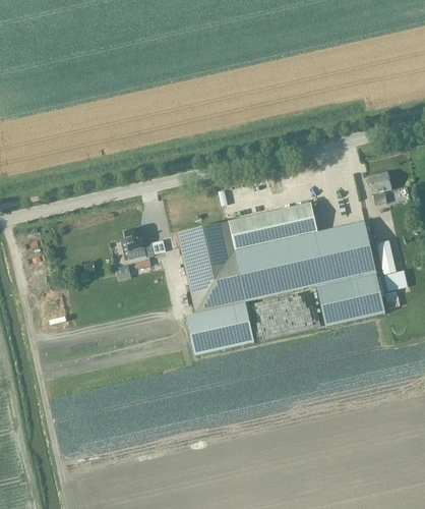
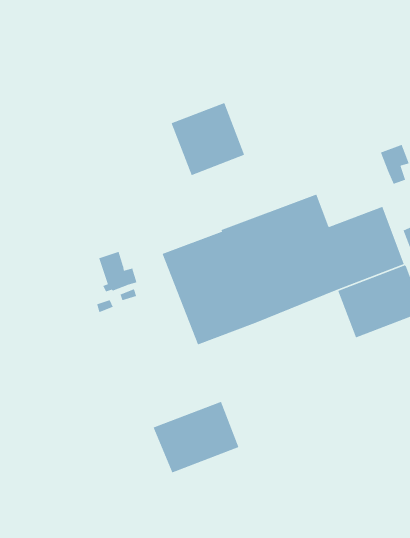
building: none -> [171,103,245,176]
building: [185,301,254,355] -> [152,401,239,474]

